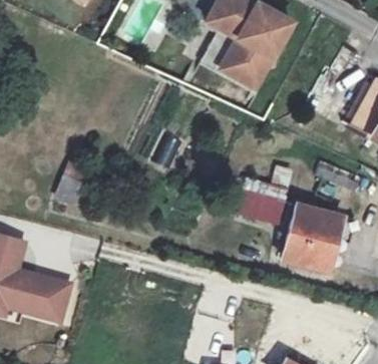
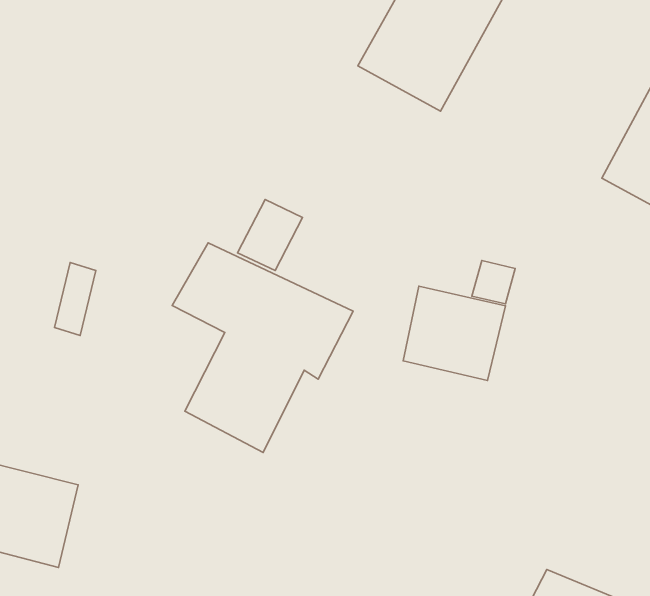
building: none -> [172,243,353,452]
building: [285,203,352,274] -> none

